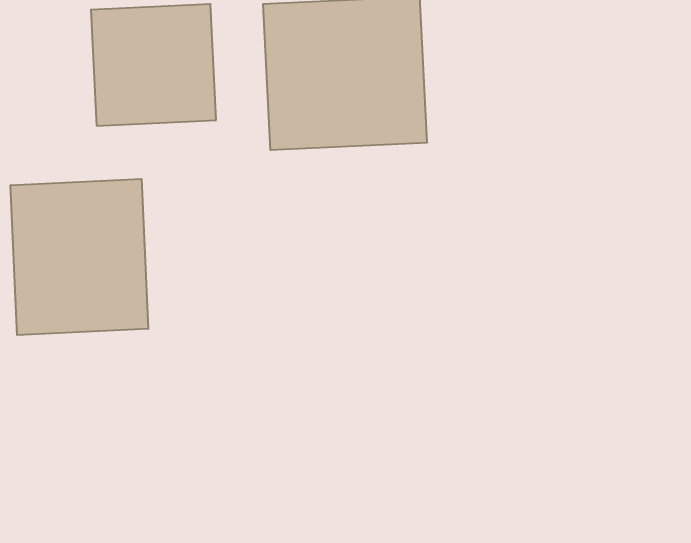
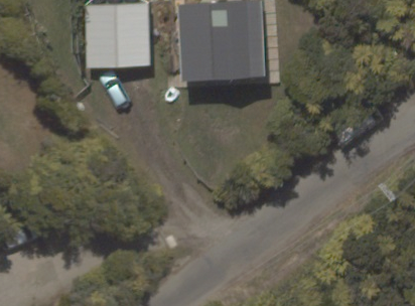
building: [11,179,148,335] -> none

